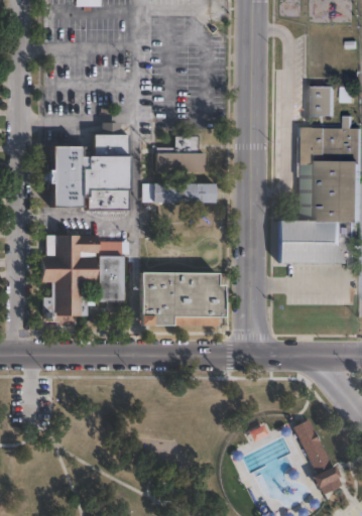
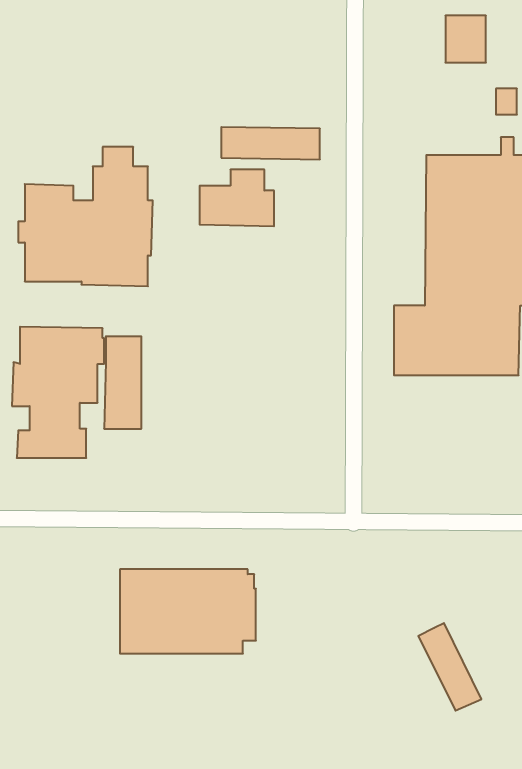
building: [310,85,335,114] -> [445,16,486,63]
building: [153,182,215,203] -> [221,127,320,159]
building: [141,272,226,325] -> [120,569,256,654]
building: [312,466,343,495] -> none

